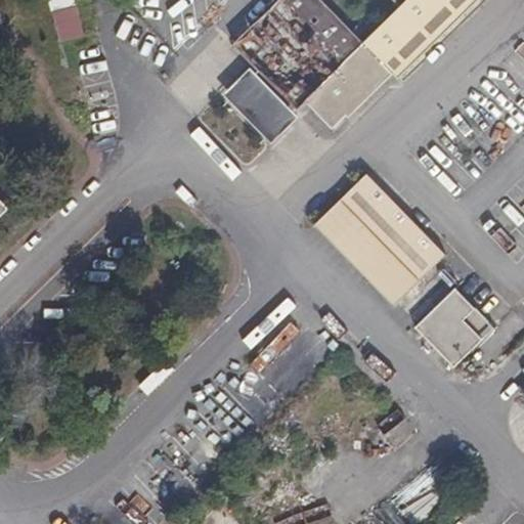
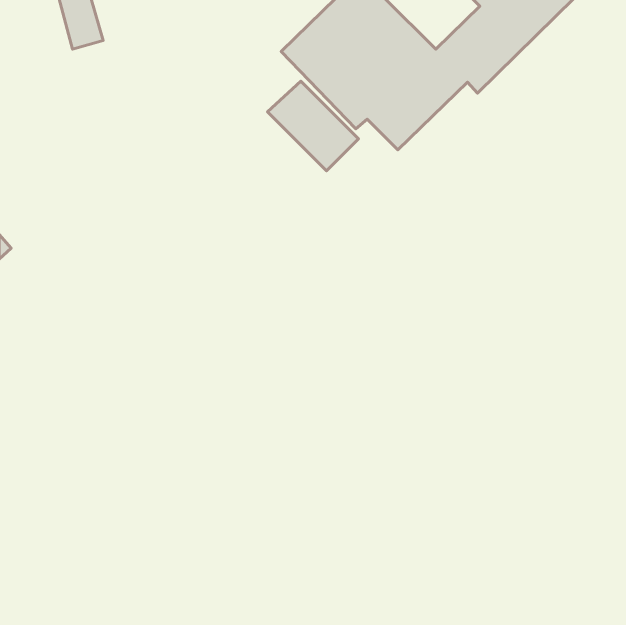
building: [315,174,445,304] -> none
building: [411,287,492,367] -> none

